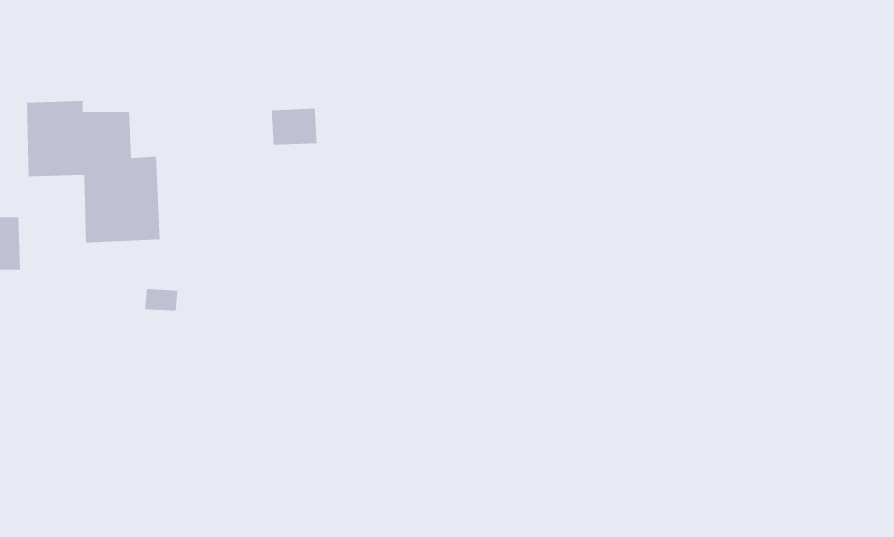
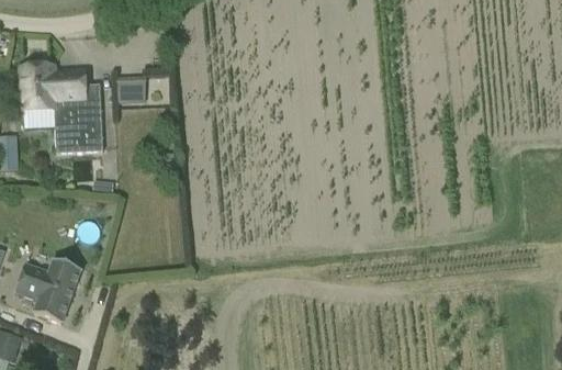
building: [271,108,317,146] -> [115,76,144,99]
building: none -> [16,258,82,322]

